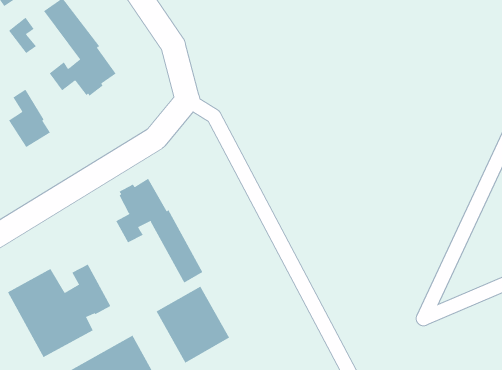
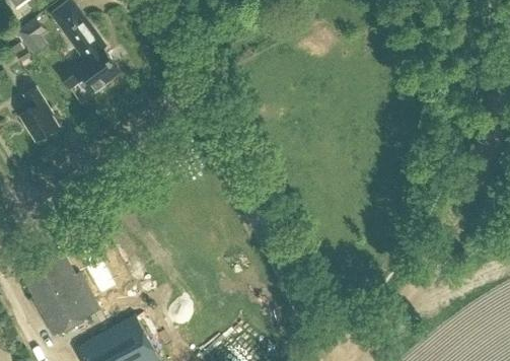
building: [116,178,203,283] -> none
building: [156,286,230,363] -> none

